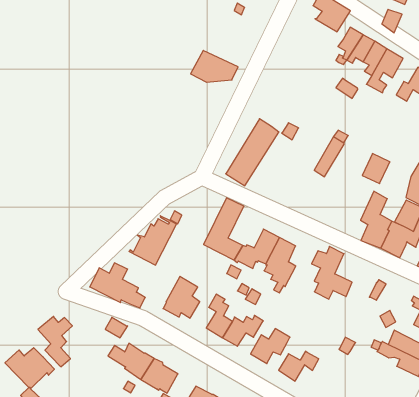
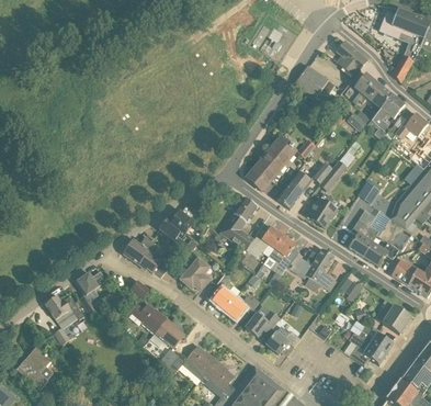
building: [191,50,238,82] -> [295,66,334,93]
building: none -> [276,170,311,208]
building: none -> [307,196,338,228]

